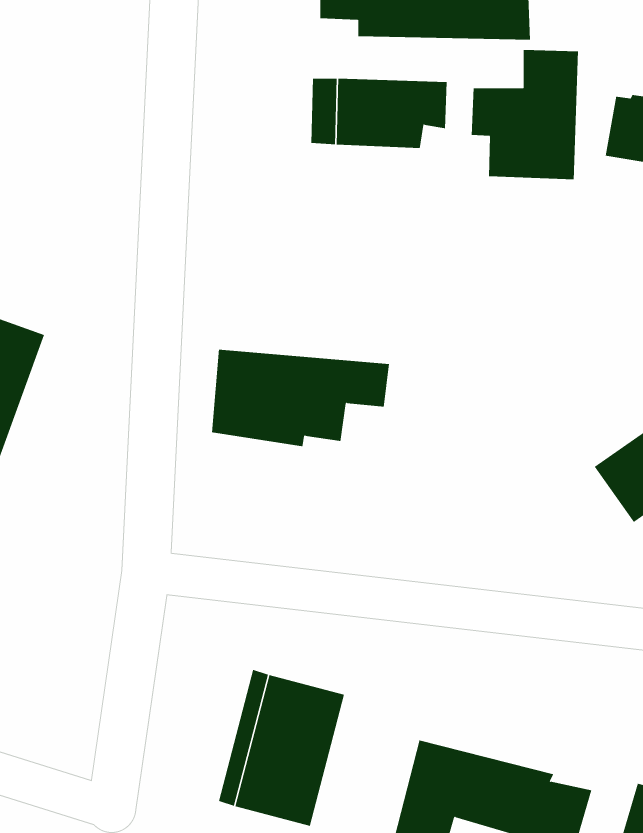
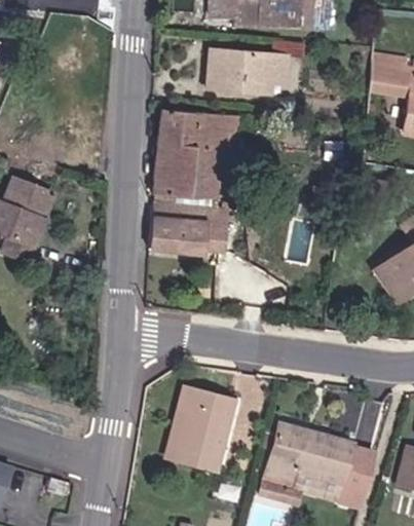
building: [471,49,578,180] -> none
building: none -> [161,110,258,198]

